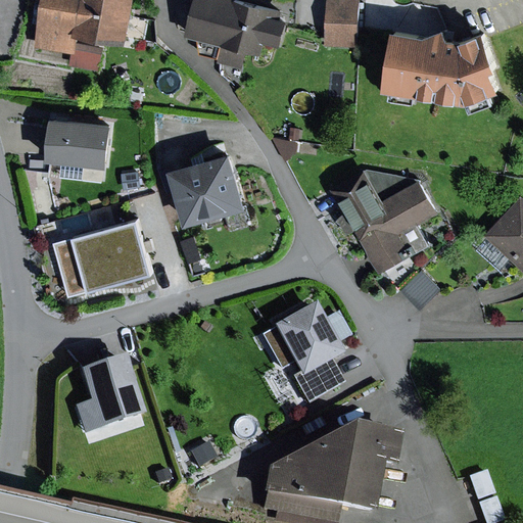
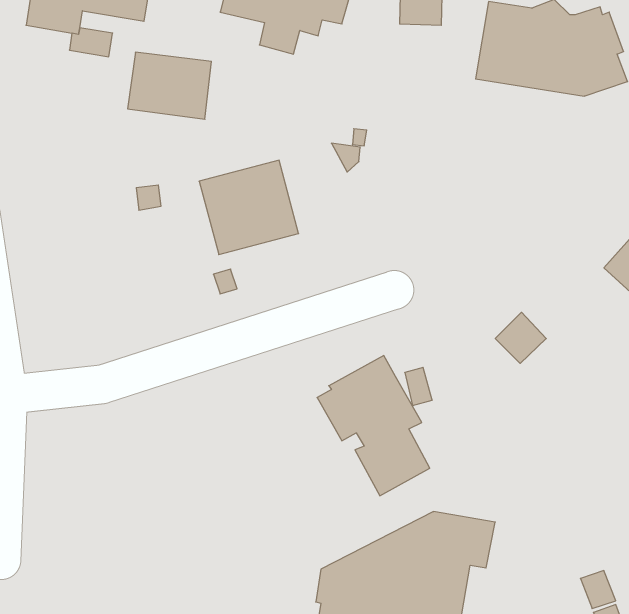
building: [45,116,110,169] -> [128,52,211,119]
building: [329,170,437,274] -> none
building: [51,219,151,297] -> none
building: [73,356,142,435] -> none

